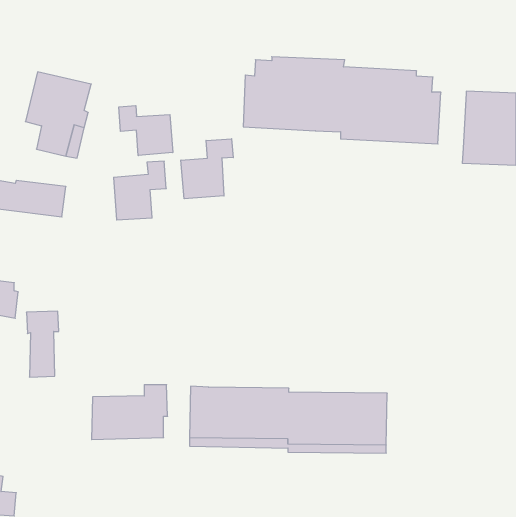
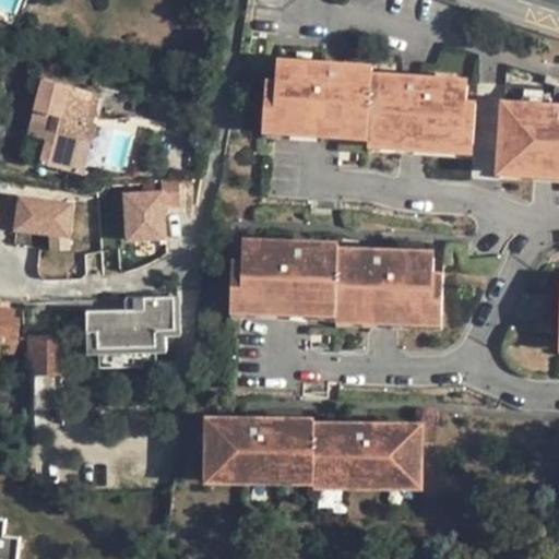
building: [119,106,173,156] -> none
building: [181,139,233,199] -> none
building: none -> [228,240,441,329]
building: [92,385,168,440] -> [86,294,168,353]

